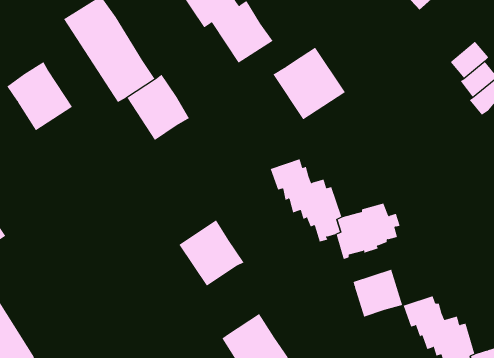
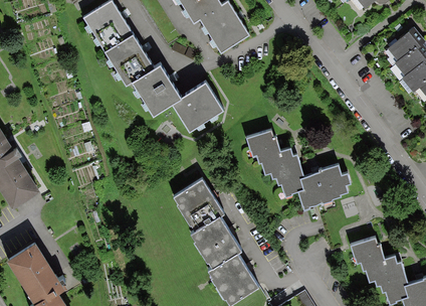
building: [272,47,346,120] -> [172,80,230,138]
building: [7,61,73,131] -> none
building: none -> [189,213,241,268]
building: [353,269,403,317] -> none

